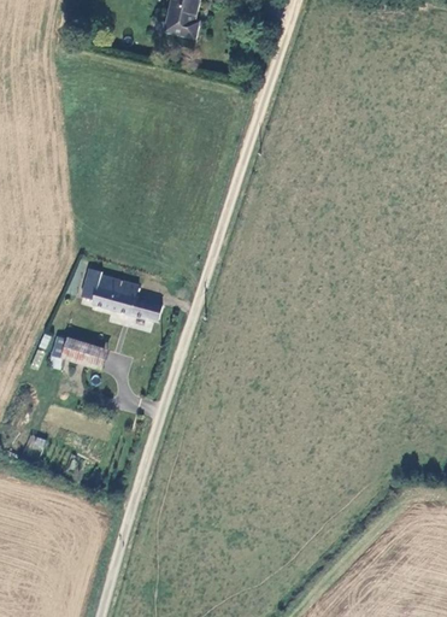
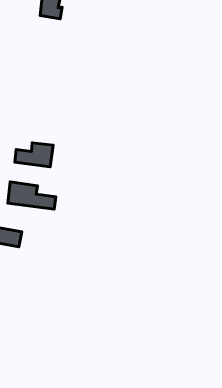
building: none -> [15,143,53,167]

